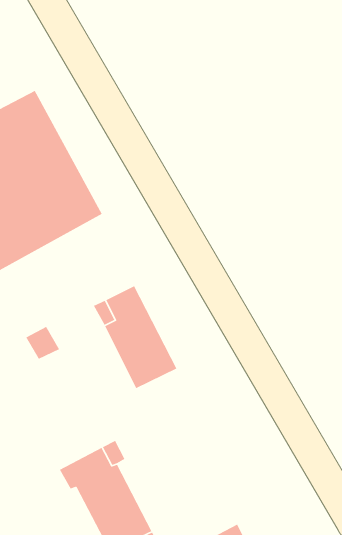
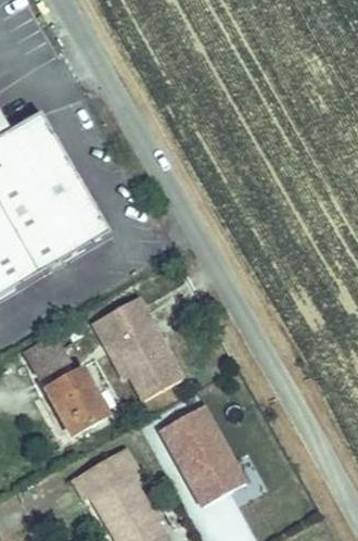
building: none -> [53,369,113,436]
building: none -> [151,410,242,517]

